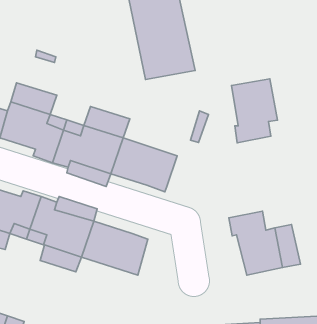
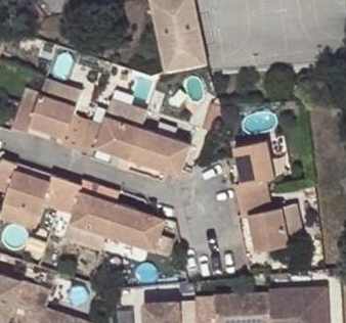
building: [232,79,278,143] -> [233,140,275,198]

